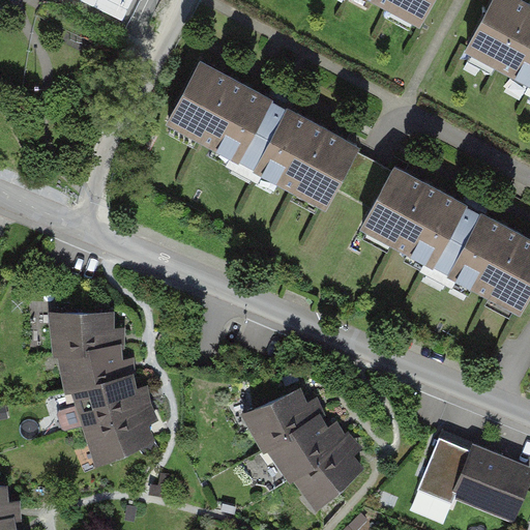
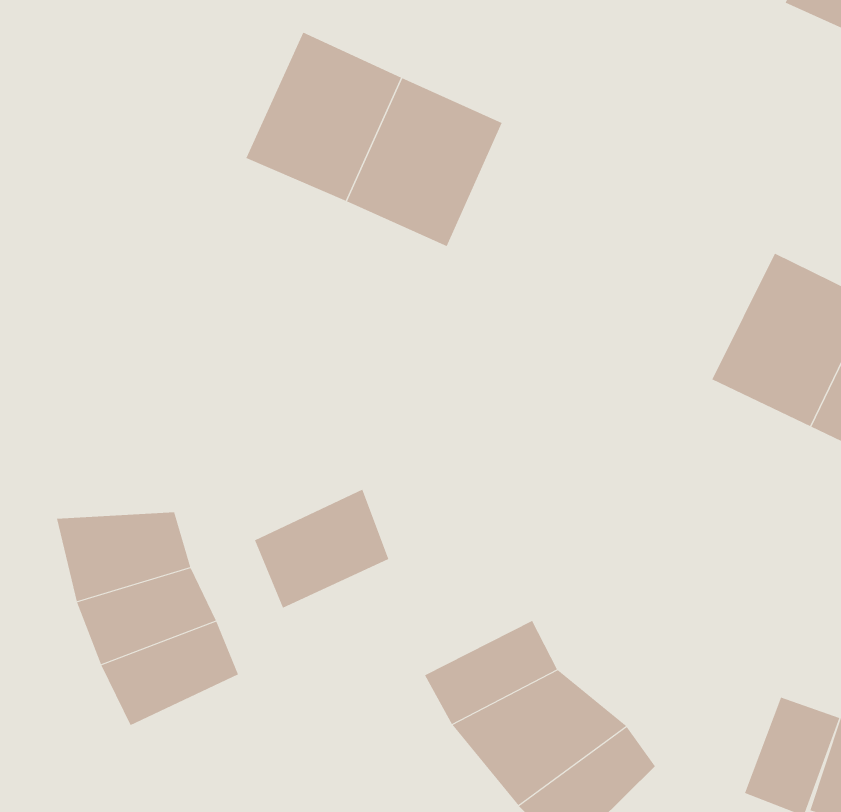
building: [271,113,359,207] -> none
building: [359,164,450,260] -> none
building: [83,407,156,470] -> [254,489,389,609]

